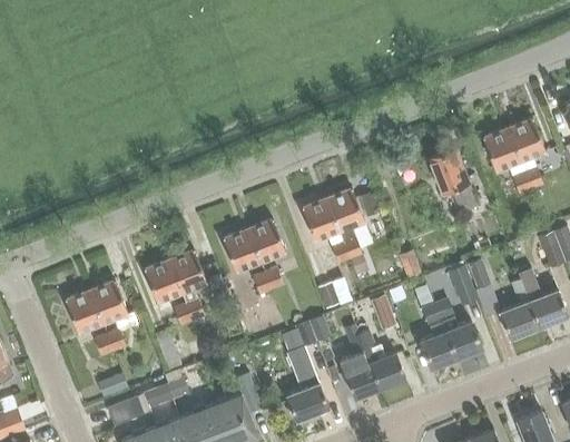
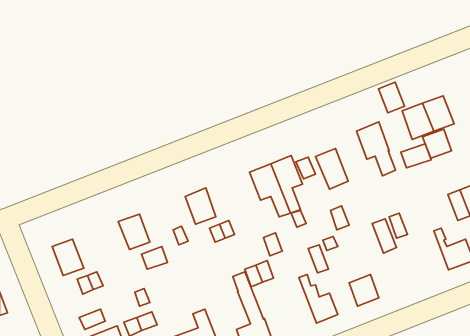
building: none -> [379,82,404,113]
building: none -> [401,144,431,168]
building: none -> [316,149,348,189]
building: [249,219,286,263] -> none
building: [170,249,207,293] -> none
building: [90,279,128,324] -> none
building: [501,279,540,337] -> none
building: [421,297,482,360] -> none
building: [341,335,382,400] -> none

